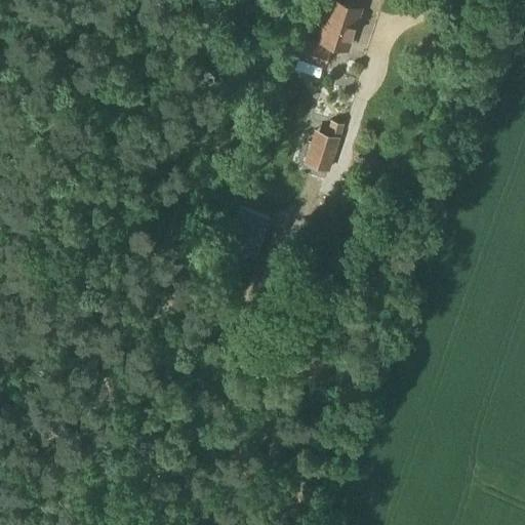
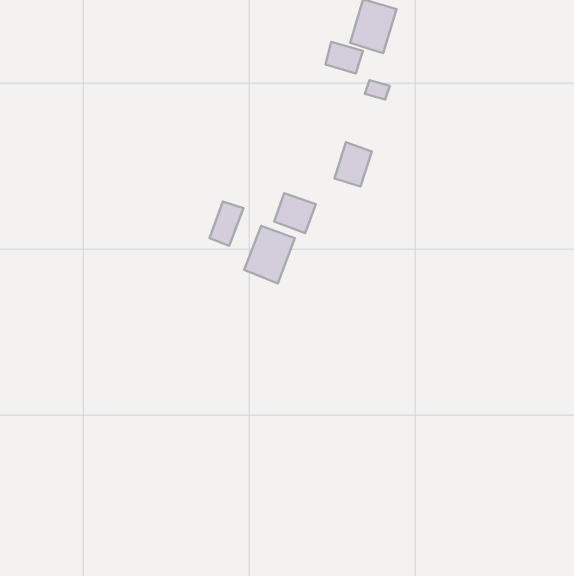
building: none -> [274,193,316,233]
building: none -> [209,201,243,246]

